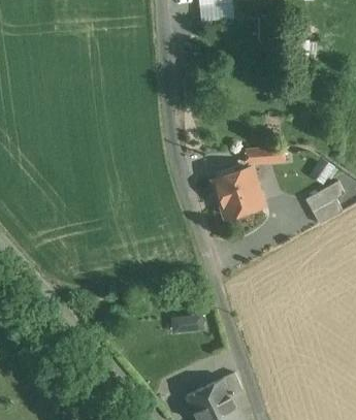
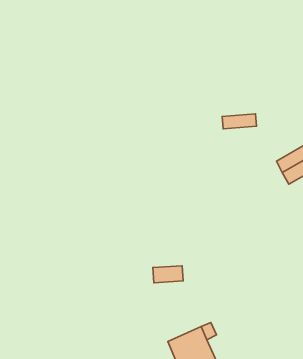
building: [213,166,265,218] -> none

